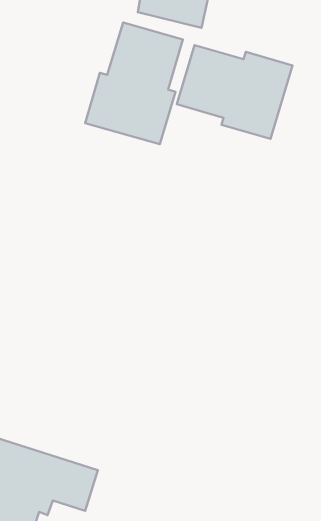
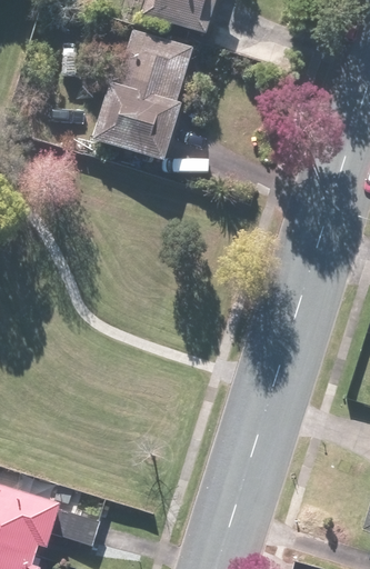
building: [177,45,293,139] -> none

